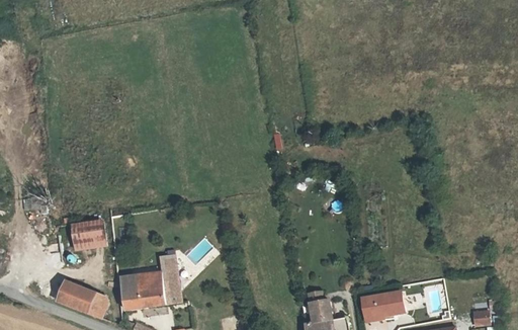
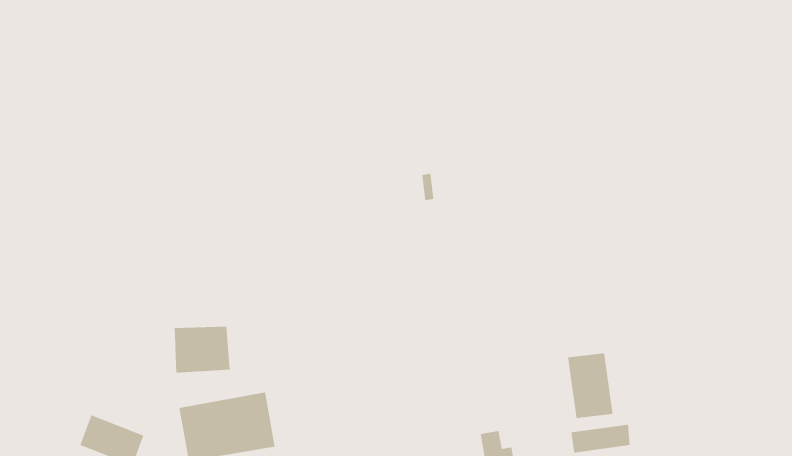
building: [73,220,108,249] -> [174,326,231,373]
building: none -> [568,353,613,419]

